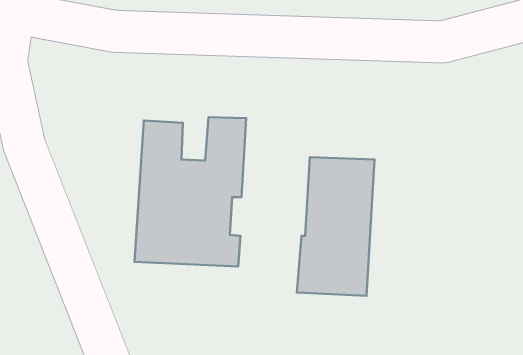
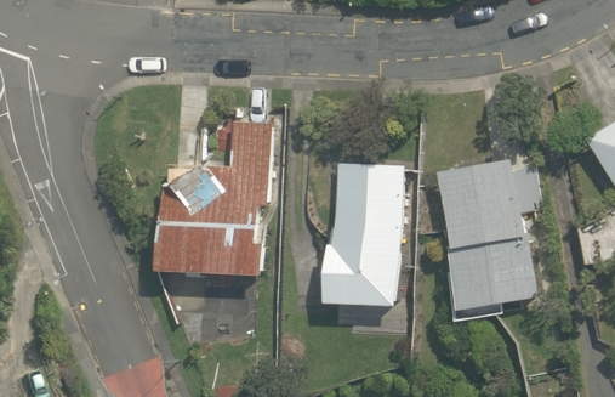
building: none -> [439,160,540,311]

